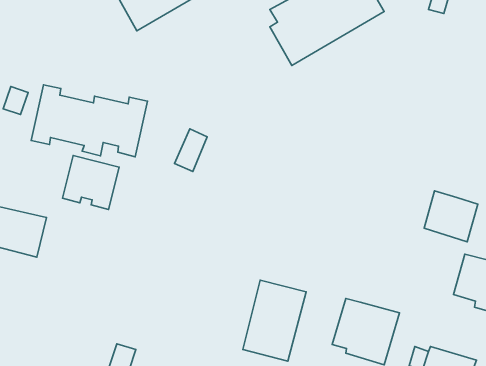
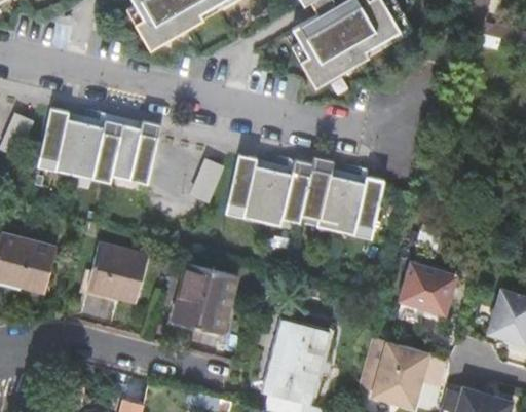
building: none -> [224,155,384,240]
building: [62,156,119,210] -> [86,245,147,302]
building: [424,191,478,242] -> [398,261,455,315]
building: none -> [172,265,235,334]

